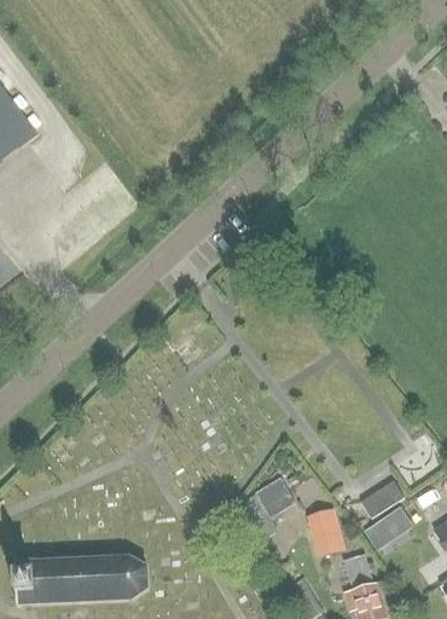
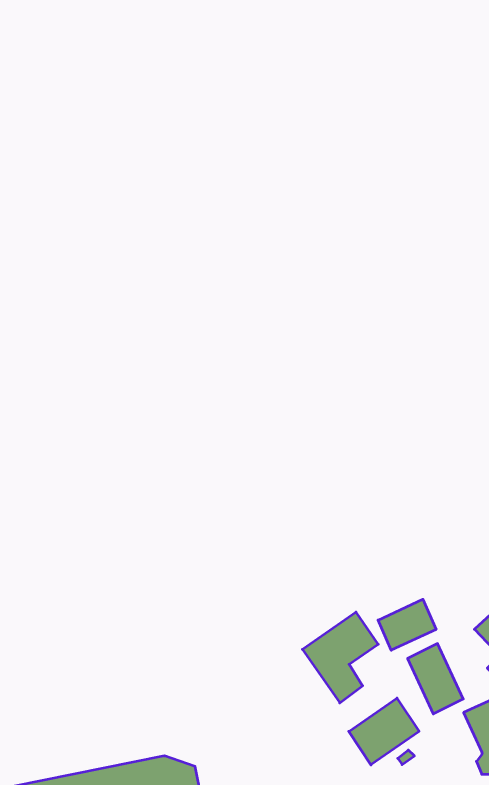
building: none -> [378,599,436,650]
building: none -> [349,698,419,765]

